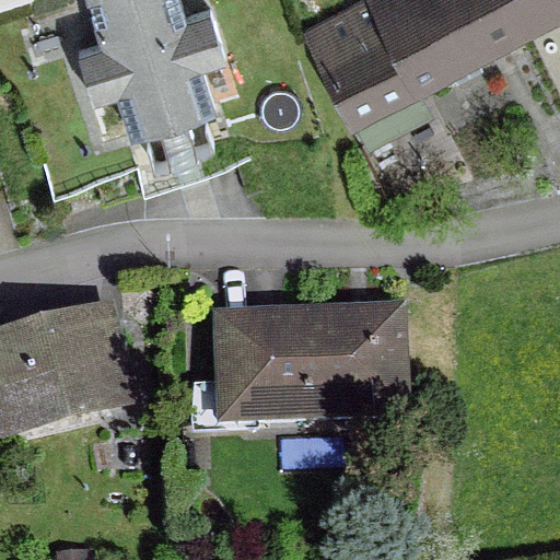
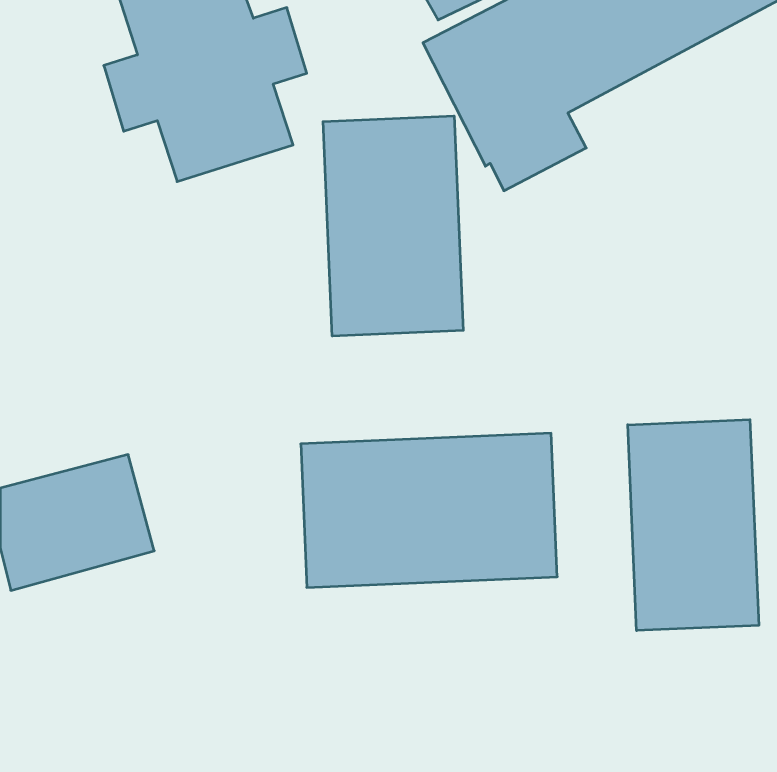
building: none -> [323,116,463,336]
building: none -> [628,420,759,631]

